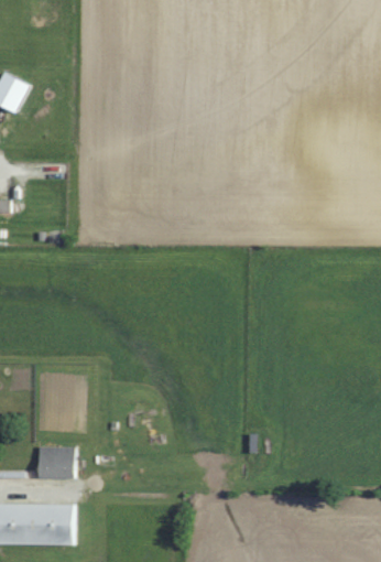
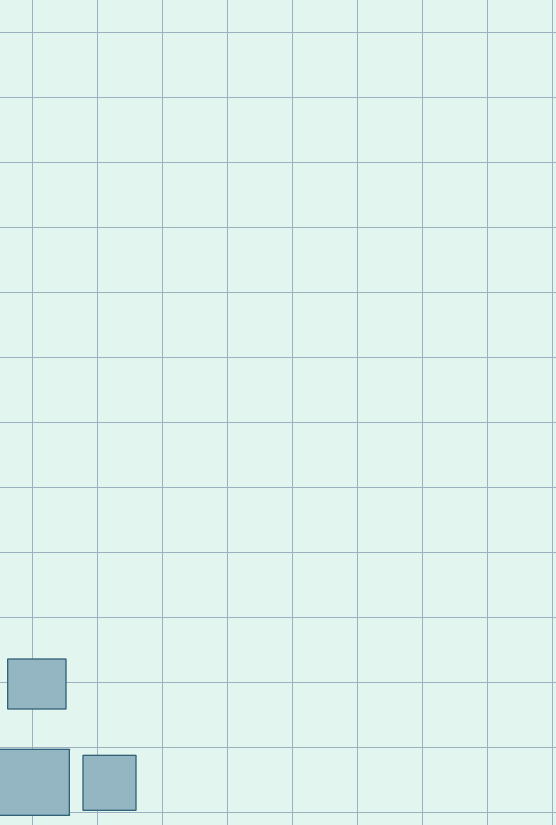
building: none -> [83,755,136,810]

